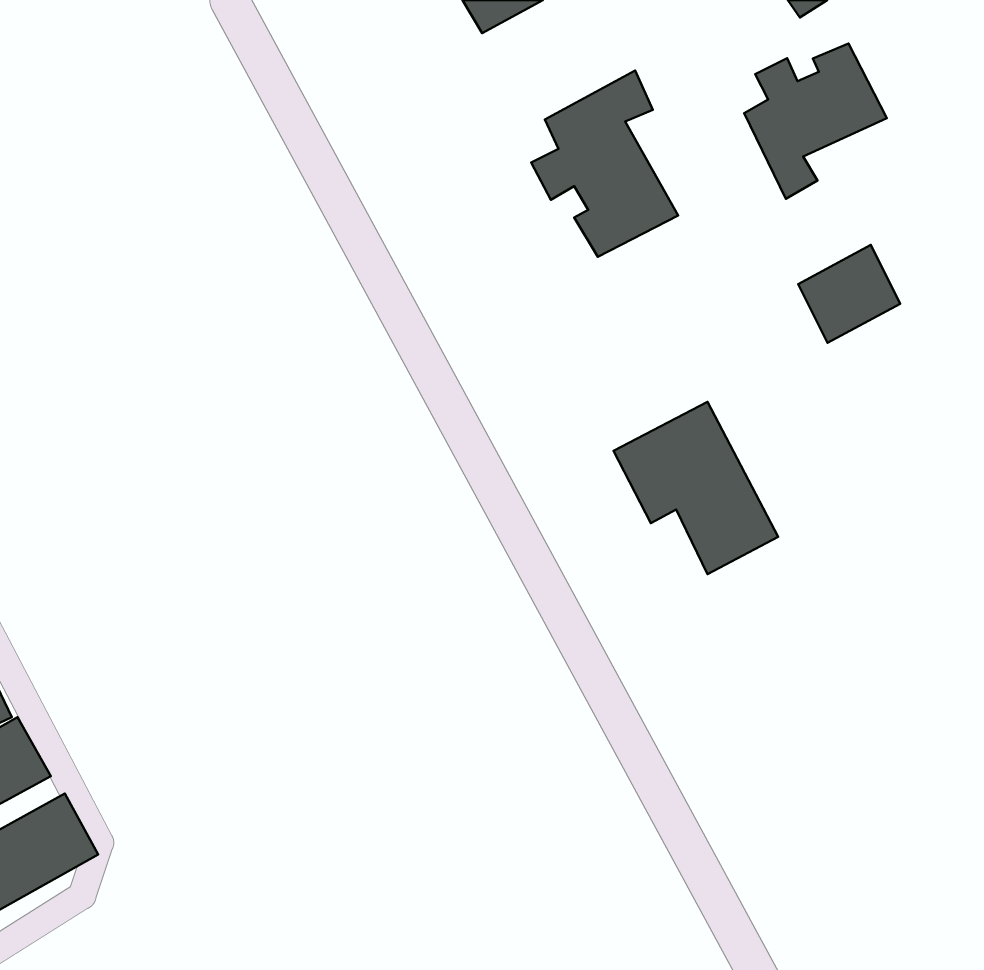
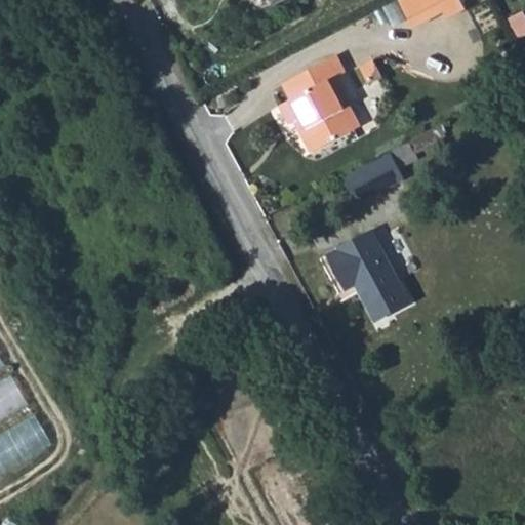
building: [744,43,887,199] -> none
building: [798,245,900,343] -> [346,157,399,208]

